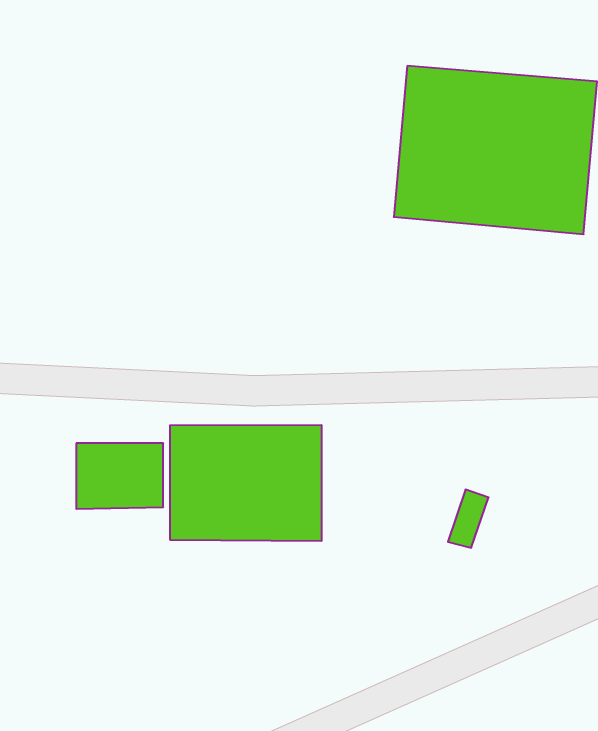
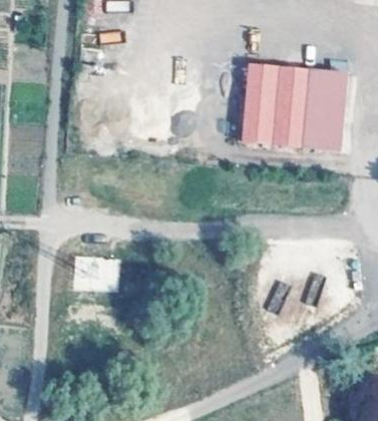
building: [170,425,321,541] -> none

